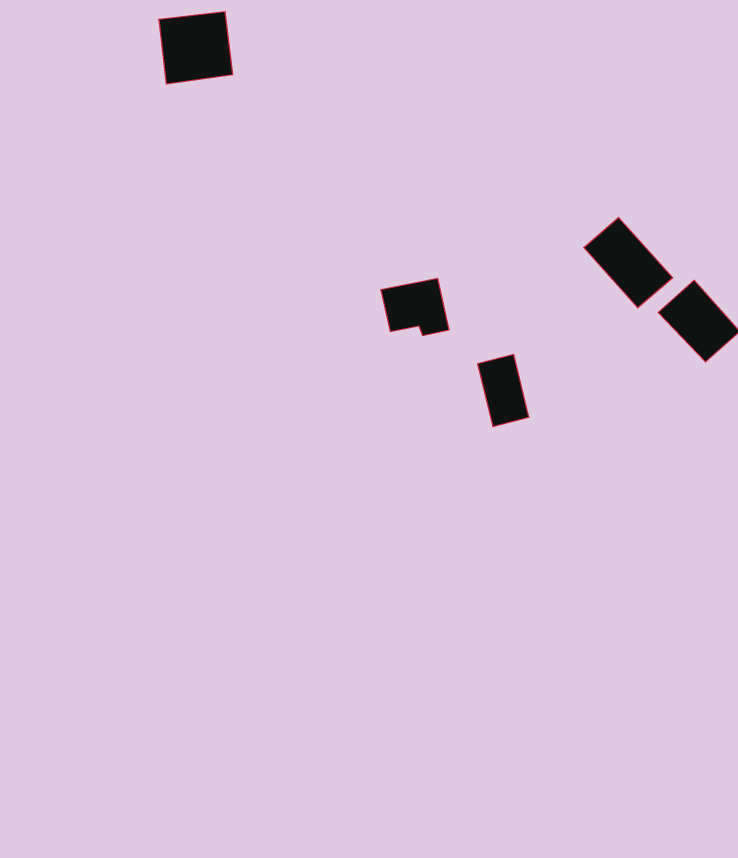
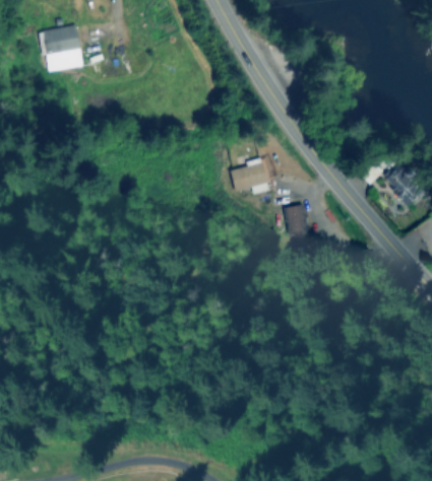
building: [159,12,233,84] -> [42,26,81,65]
building: [584,217,673,308] -> none

